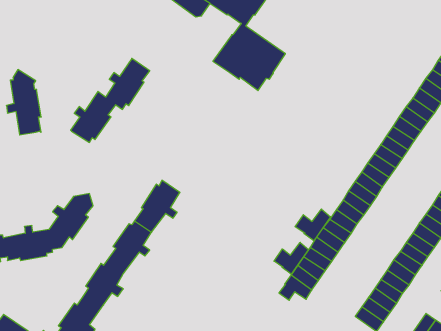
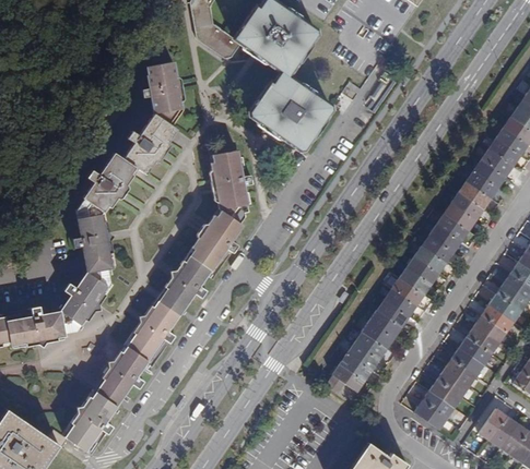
building: none -> [142,63,181,125]
building: [6,70,41,135] -> [72,197,113,273]
building: none -> [190,151,254,268]
building: [295,209,331,241] -> none
building: [274,242,308,274] -> none

